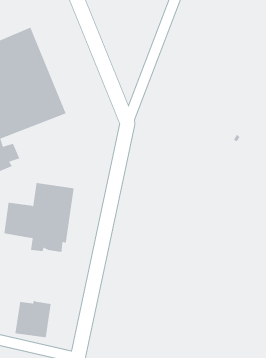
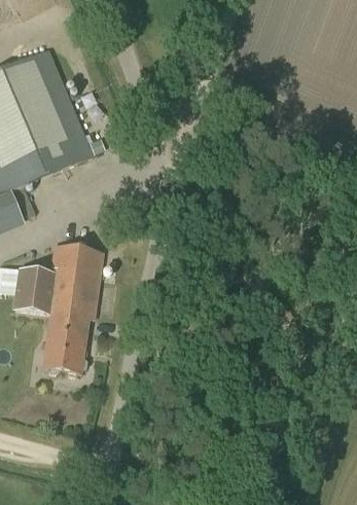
building: [14,300,52,338] -> [41,326,87,373]

